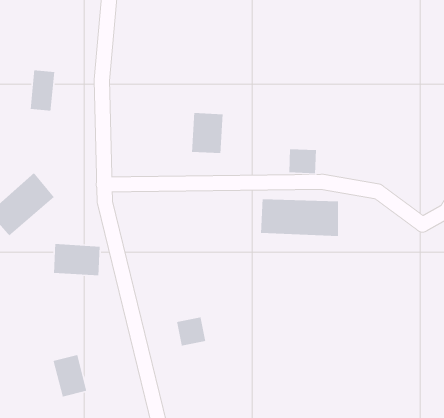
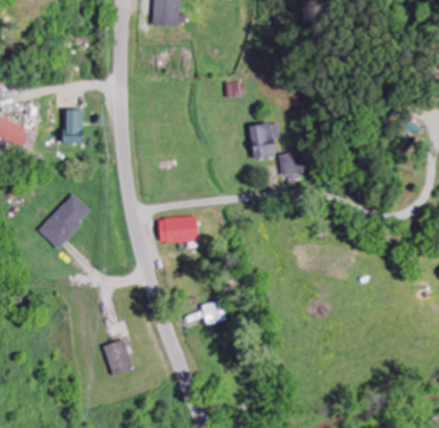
building: [191,112,224,154] -> [250,124,276,159]
building: [260,199,339,237] -> none
building: [53,243,101,276] -> [158,217,197,243]

